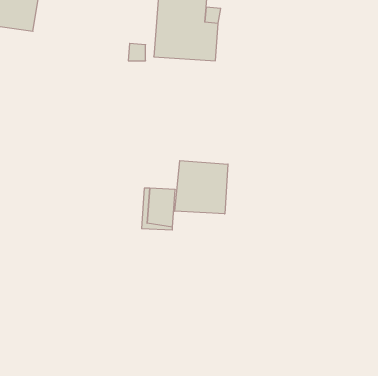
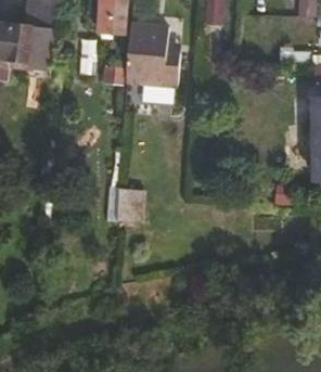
building: [175,161,228,214] -> none

